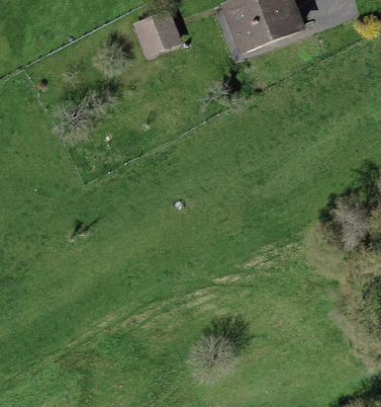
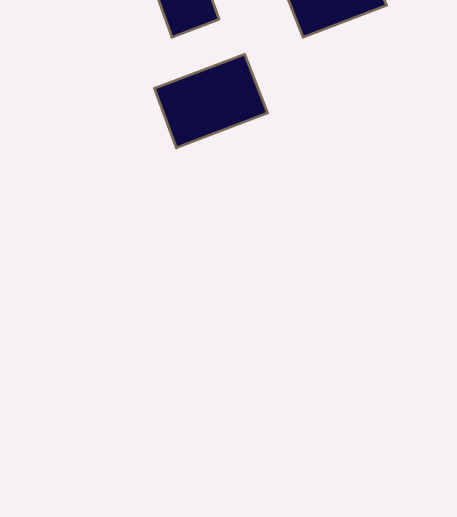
building: none -> [155,54,268,148]

